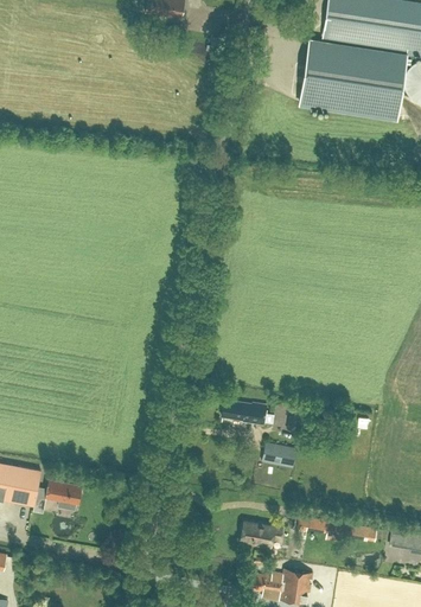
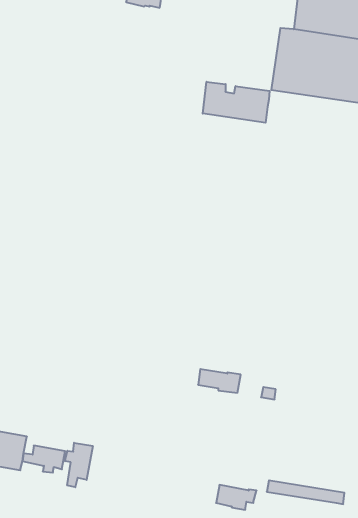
building: none -> [203,82,270,123]
building: [262,441,296,467] -> none
building: none -> [65,443,93,487]

